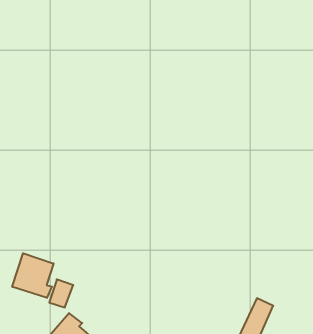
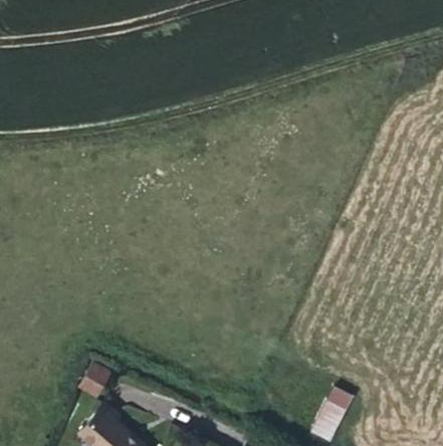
building: [12,253,54,298] -> none

